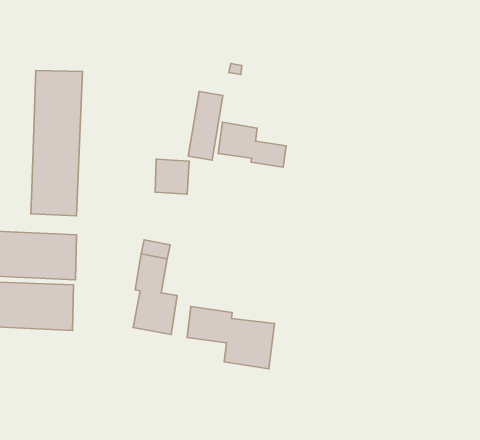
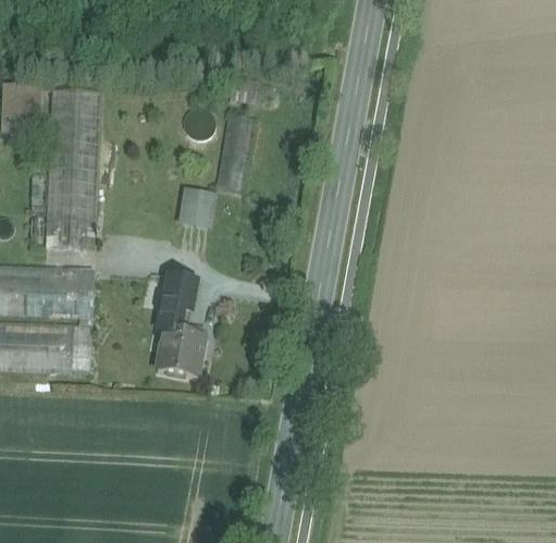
building: [218,122,286,167] -> none
building: [187,307,275,369] -> none

